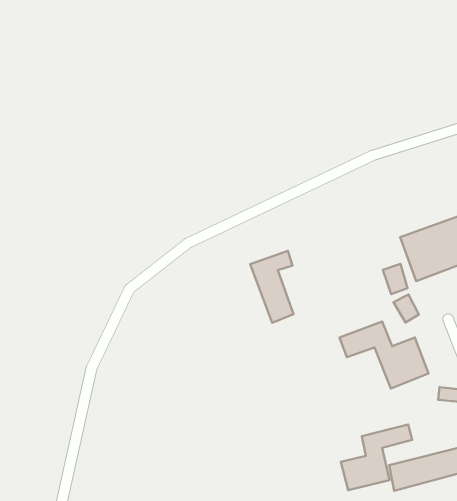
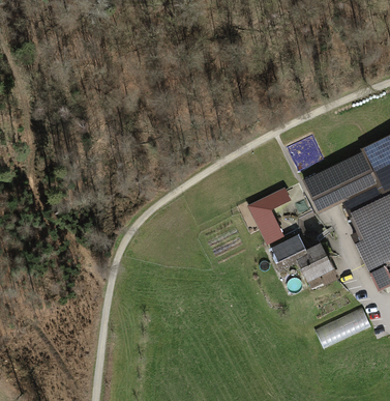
building: [250,251,294,323] -> [249,195,281,244]
building: [341,424,412,490] -> none

